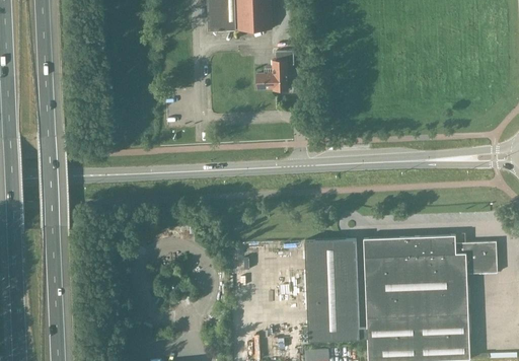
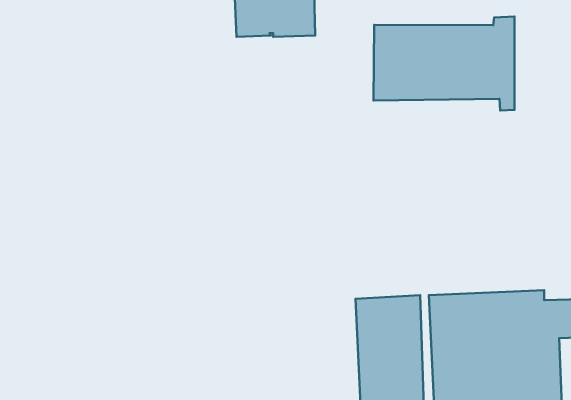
building: none -> [373,17,514,111]
building: [257,52,295,91] -> none

